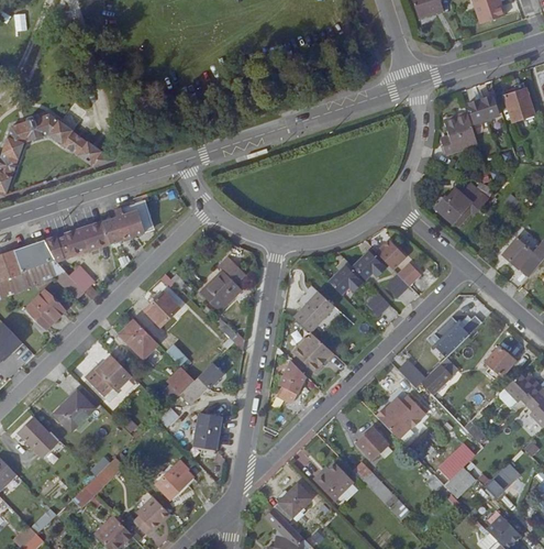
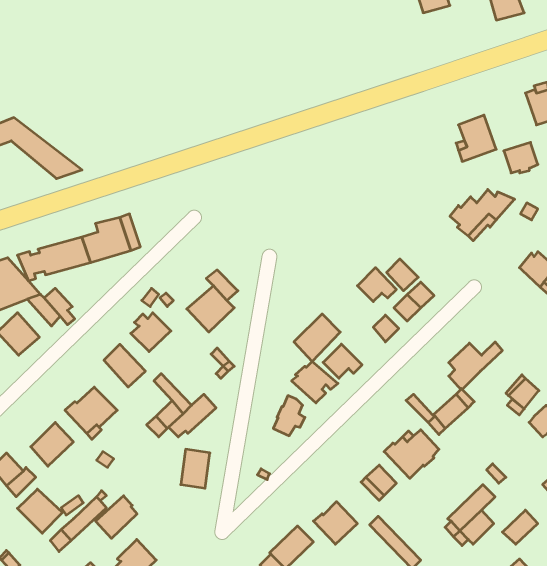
building: [467,95,498,122] -> [504,142,538,173]
building: [326,262,362,293] -> [323,344,362,378]
building: none -> [17,489,62,533]
building: [155,459,192,497] -> [96,496,137,538]

